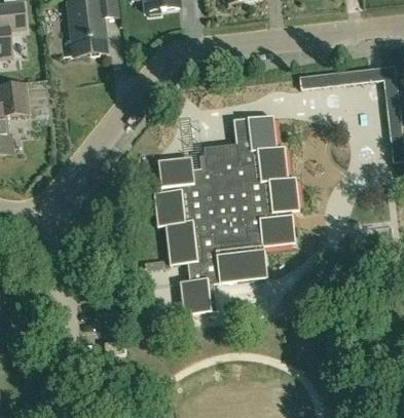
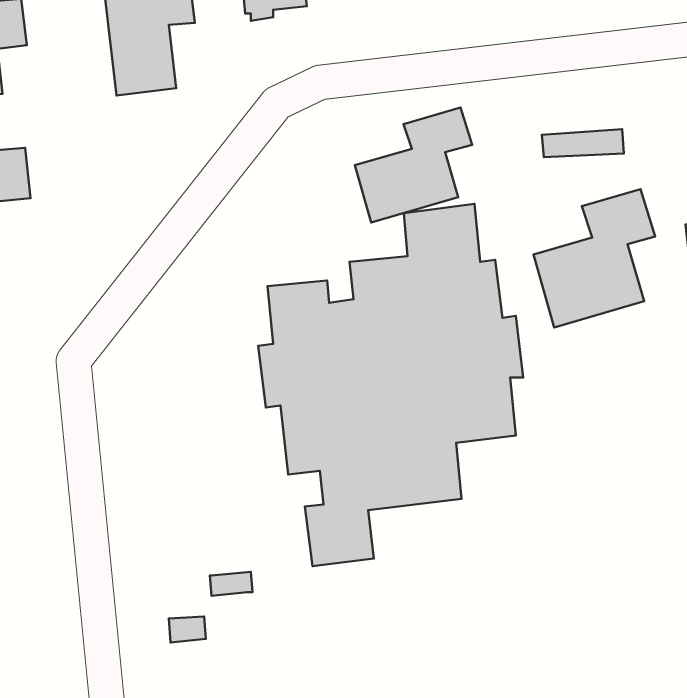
building: none -> [355,108,472,223]
building: none -> [533,189,655,327]

